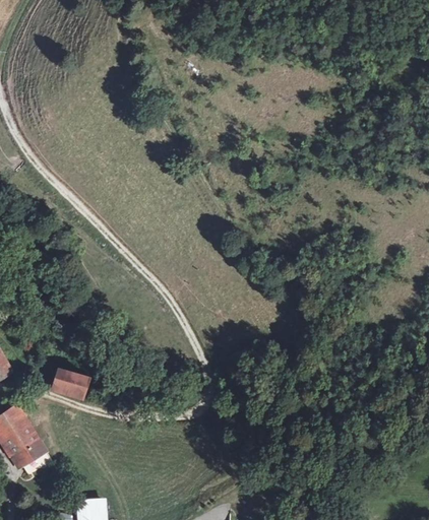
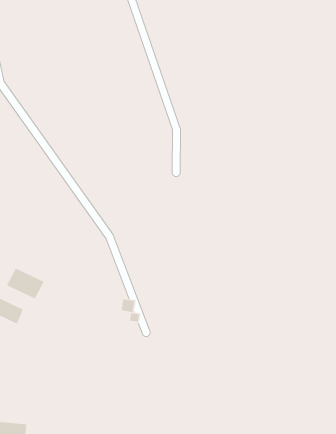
building: none -> [6,267,45,299]

